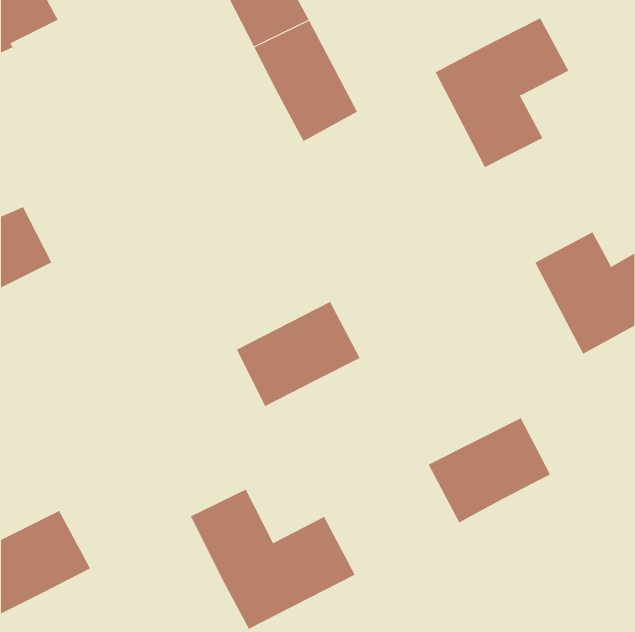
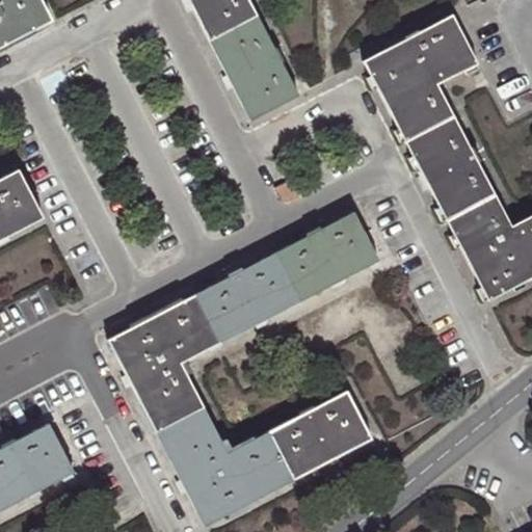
building: none -> [405,115,496,219]
building: none -> [276,211,380,299]
building: none -> [107,292,221,431]
building: [428,417,551,523] -> [271,392,374,480]

